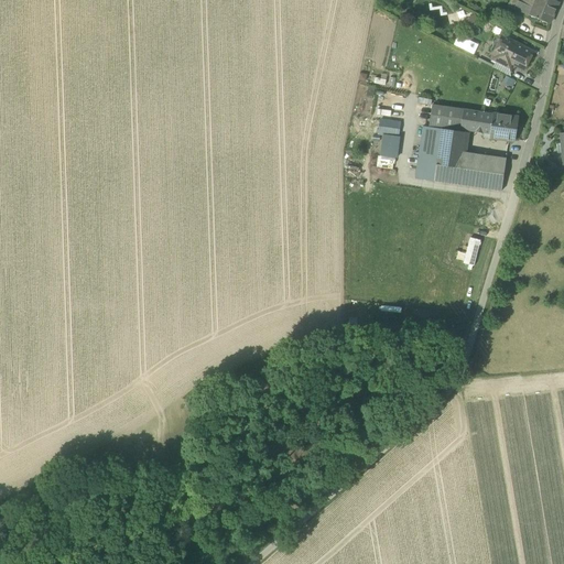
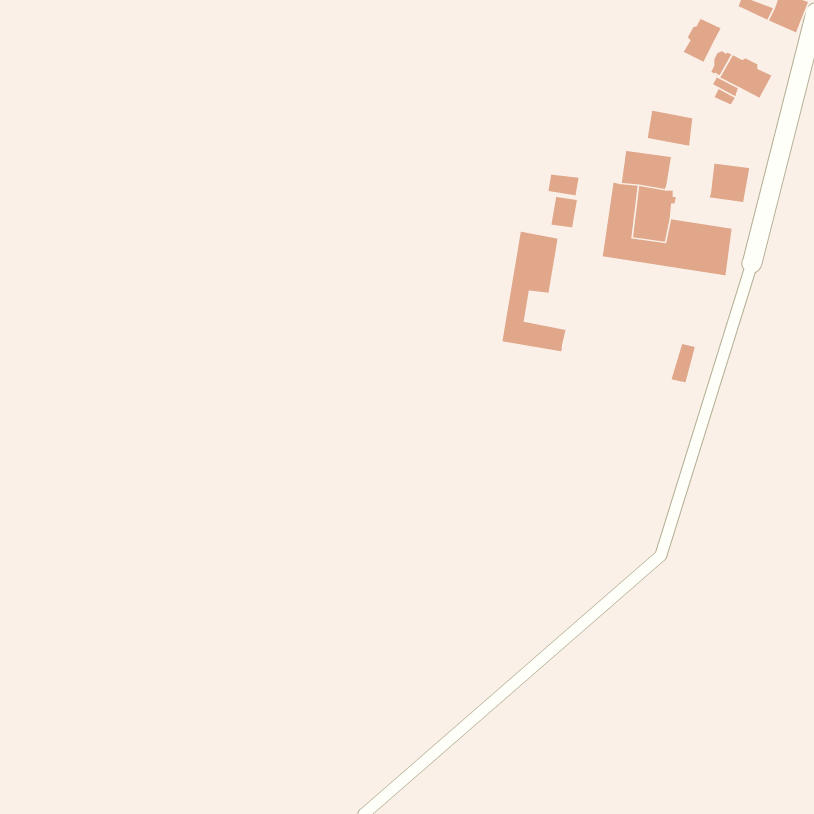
building: none -> [682,18,724,63]
building: [462,108,494,133] -> [647,110,693,146]
building: none -> [502,231,566,352]

